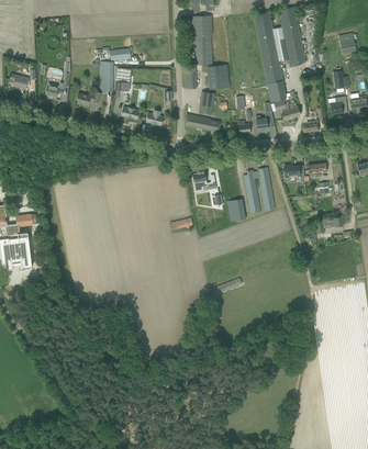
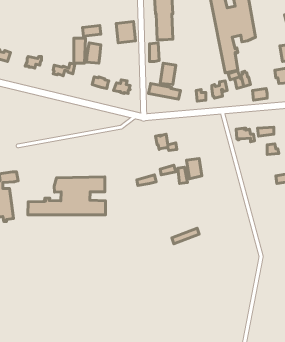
building: [208,65,230,89] -> [116,21,136,43]
building: [243,167,275,213] -> none
building: none -> [28,177,106,215]

